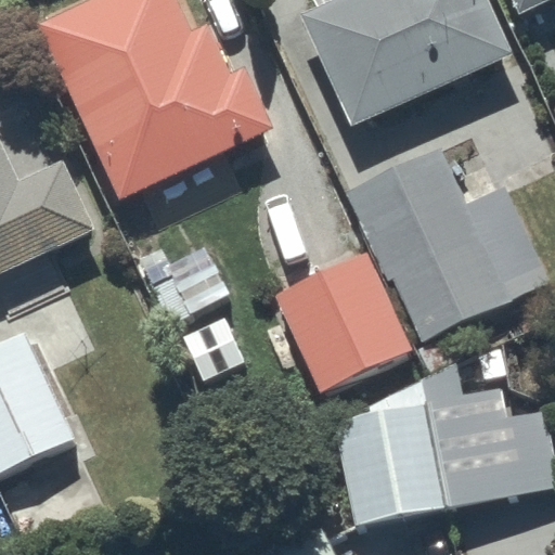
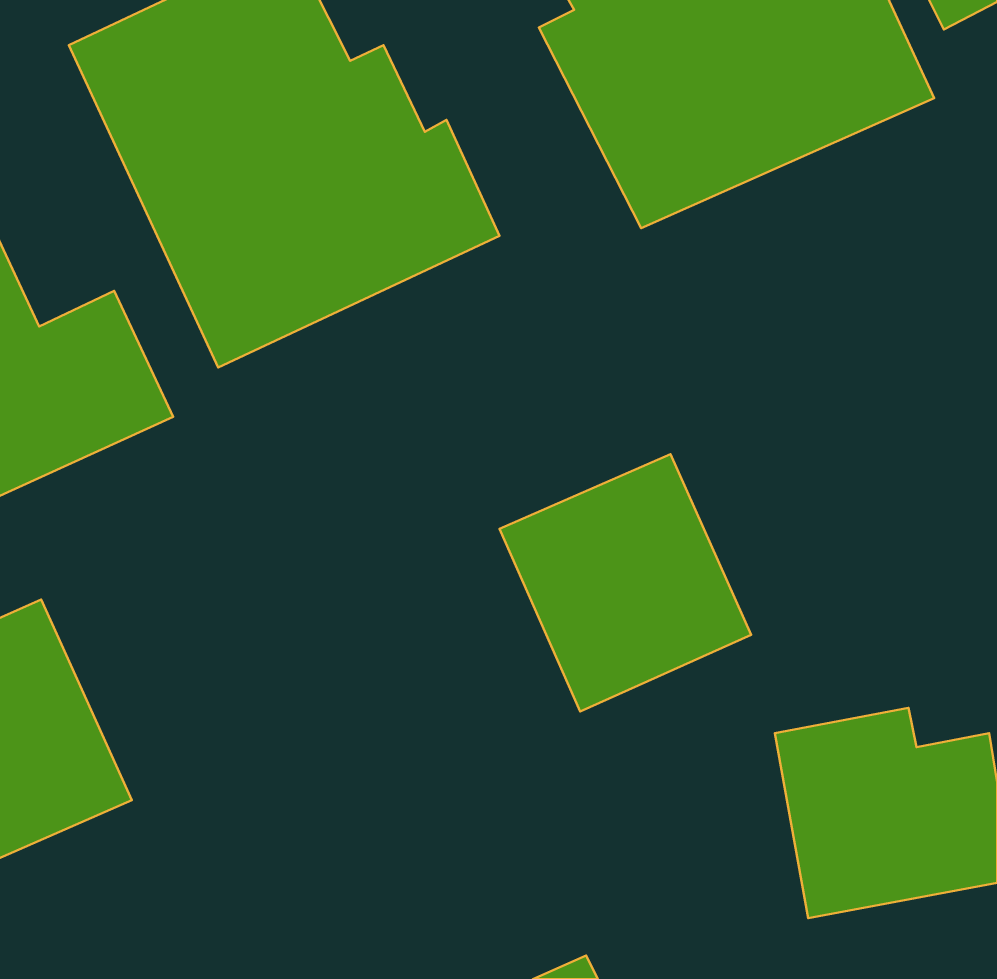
building: [345,142,533,340] -> none
building: [335,384,446,524] -> none

